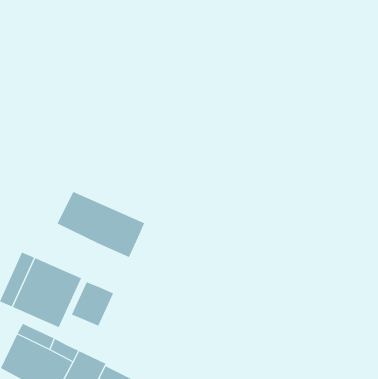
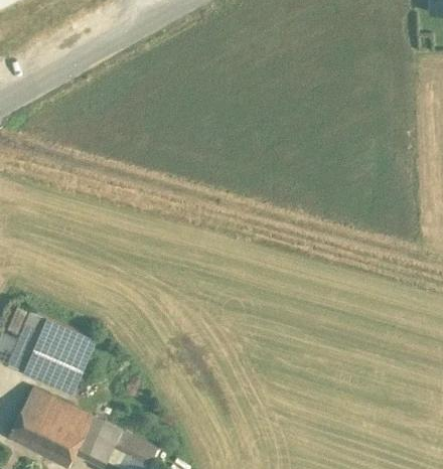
building: [57,191,145,258] -> none
building: [71,281,114,327] -> none

